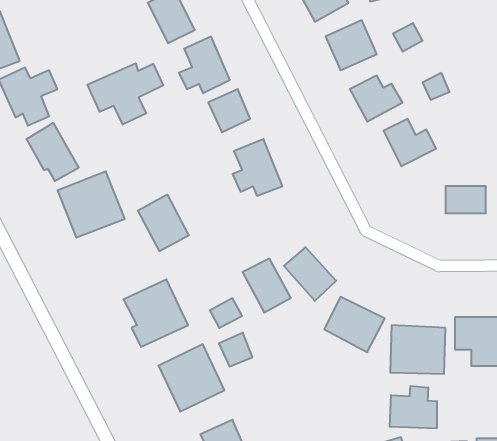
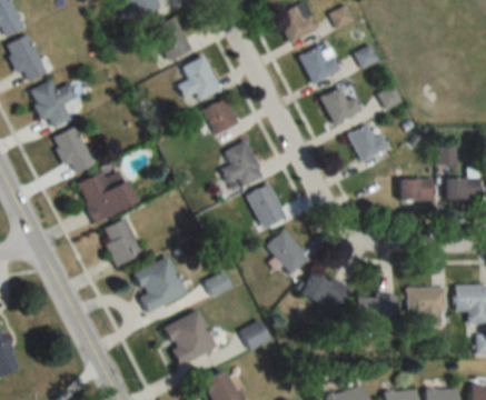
building: [87,63,163,125] -> none
building: [138,195,189,251] -> [101,218,143,264]
building: [242,259,291,313] -> [247,183,287,228]
building: [219,333,252,366] -> [241,320,269,348]
building: [390,386,437,428] -> none

